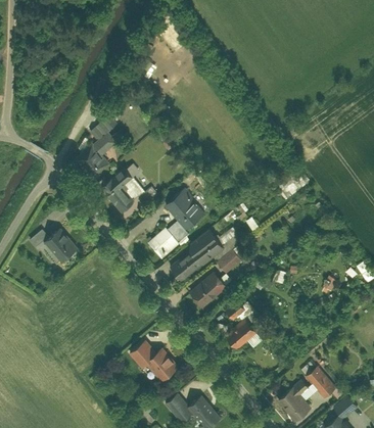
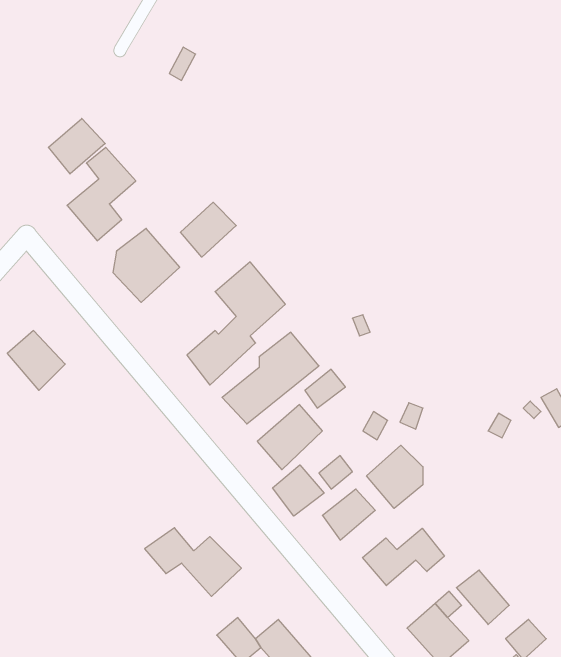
building: none -> [48,118,105,174]
building: none -> [180,202,236,257]
building: none -> [367,445,423,508]
building: none -> [273,465,324,516]
building: none -> [363,528,444,586]

